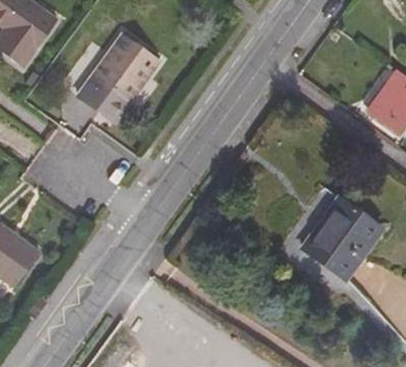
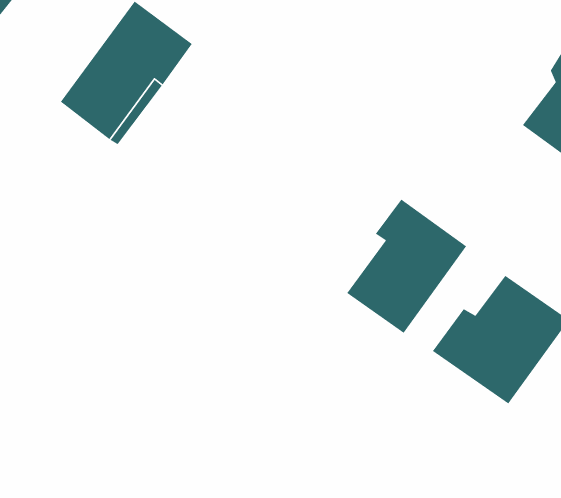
building: none -> [346,199,467,334]

